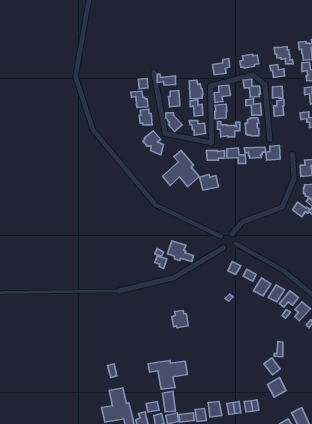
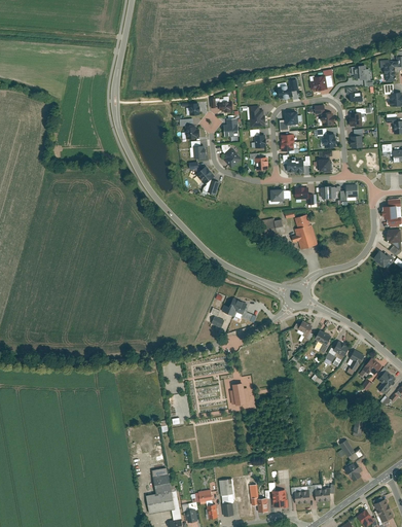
building: [163,150,199,187] -> none
building: none -> [291,215,318,250]
building: [148,361,187,389] -> none

